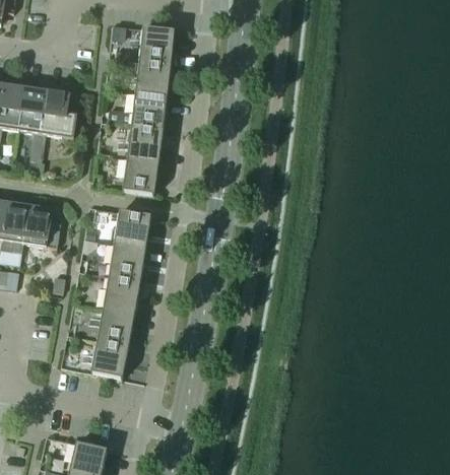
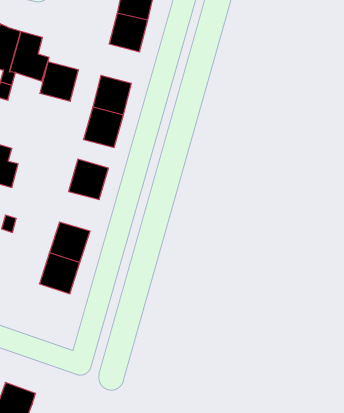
building: [130,90,166,127] -> [40,62,78,101]
building: [108,243,144,279] -> none
building: [89,338,127,377] -> none

